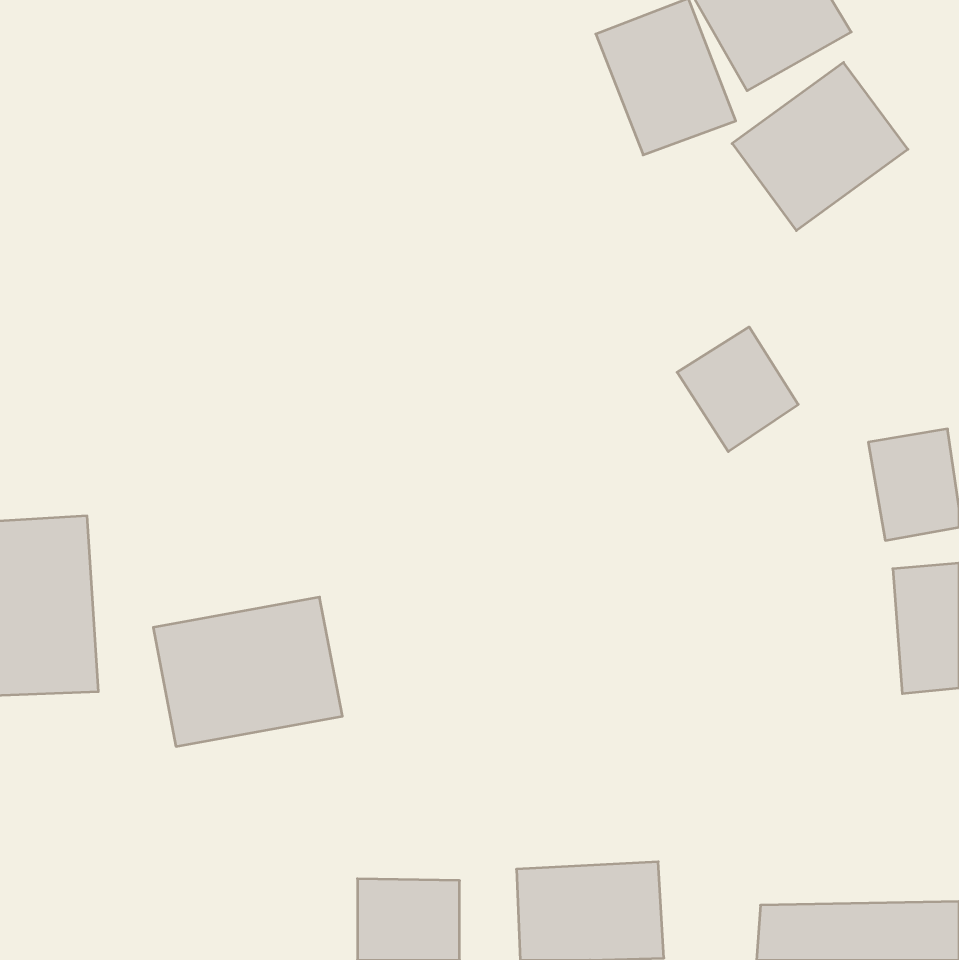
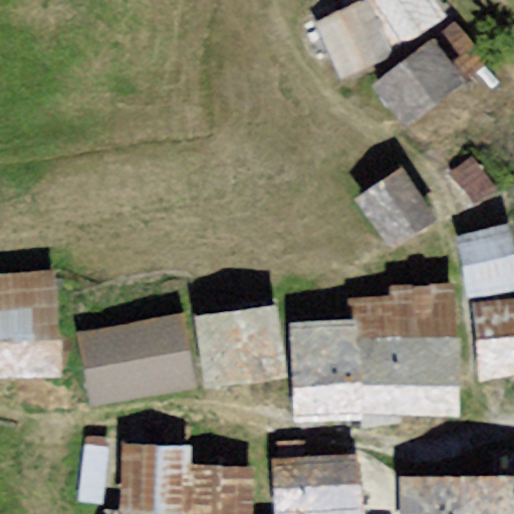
building: none -> [291,290,444,408]
building: none -> [197,307,278,379]
building: none -> [122,448,183,505]

